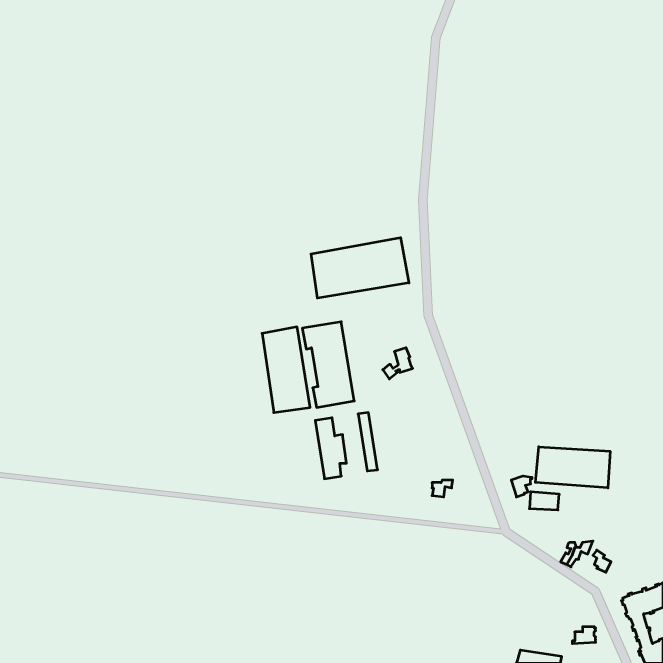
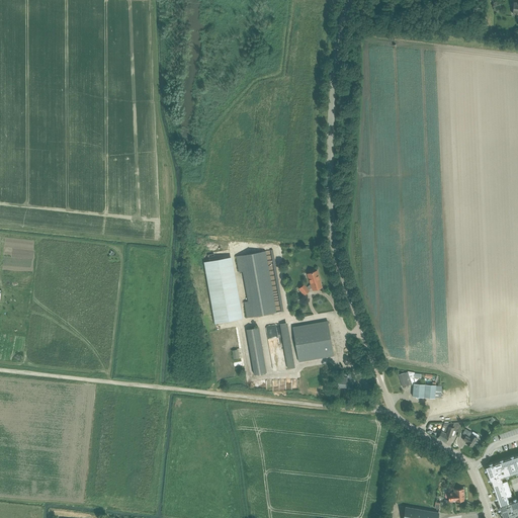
building: [311,238,409,298] -> none
building: none -> [292,321,334,361]
building: [535,447,610,488] -> none

